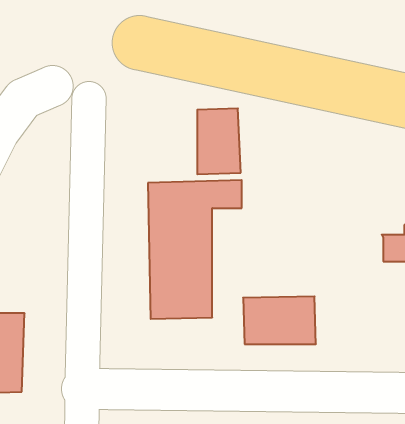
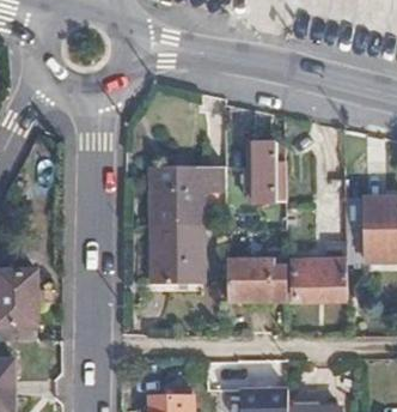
building: [197,108,241,174] -> [248,143,285,199]
building: none -> [292,211,346,299]

